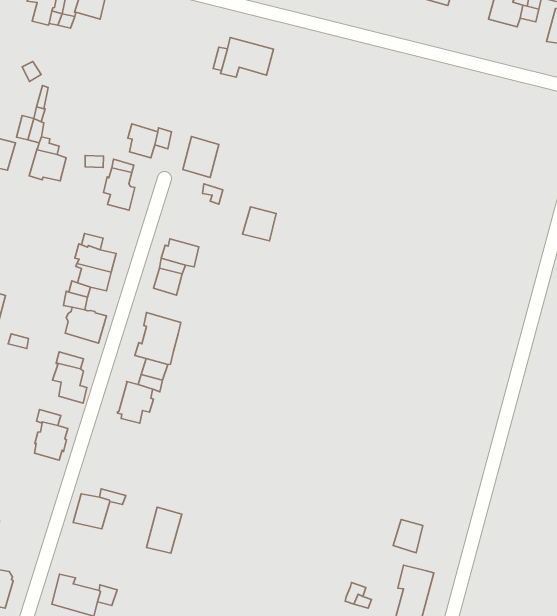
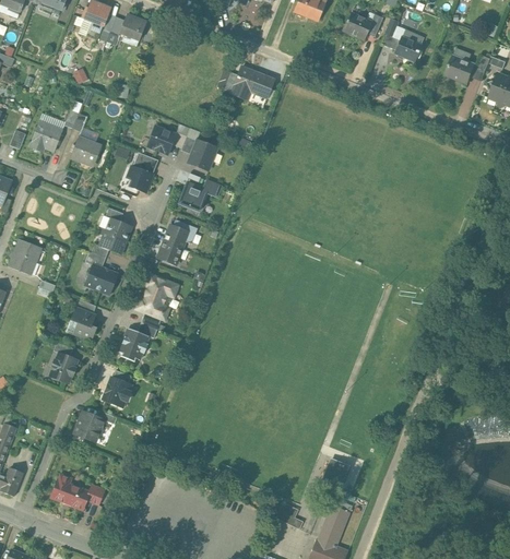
building: [242,207,276,241] -> [178,182,206,211]
building: [147,507,182,553] -> [103,369,133,406]

